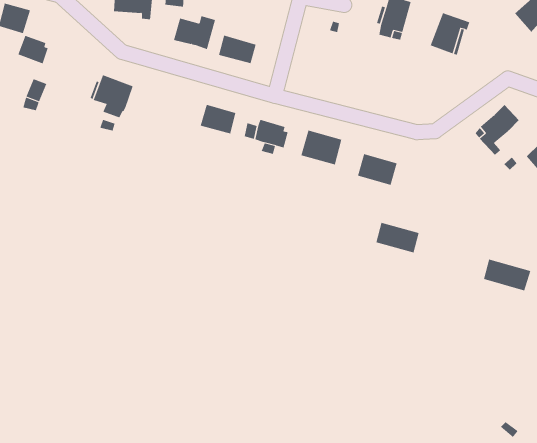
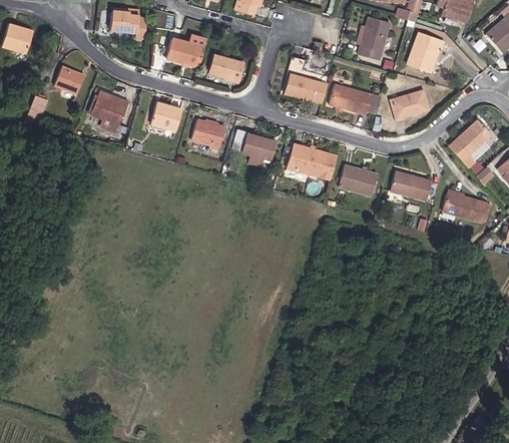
building: [17,35,48,64] -> [54,67,83,94]
building: none -> [284,57,329,103]
building: none -> [329,84,381,114]
building: none -> [391,91,428,118]
building: none -> [151,102,182,131]
building: [376,222,419,253] -> [390,171,431,200]
building: [483,259,531,291] -> [442,191,487,222]

